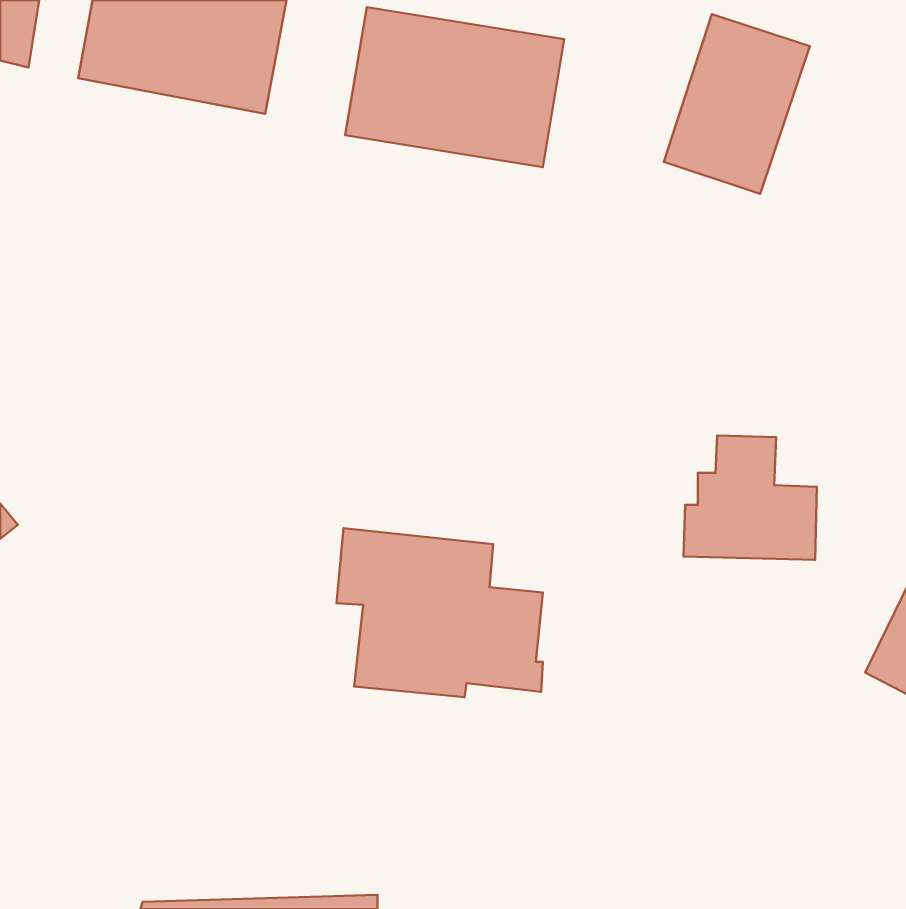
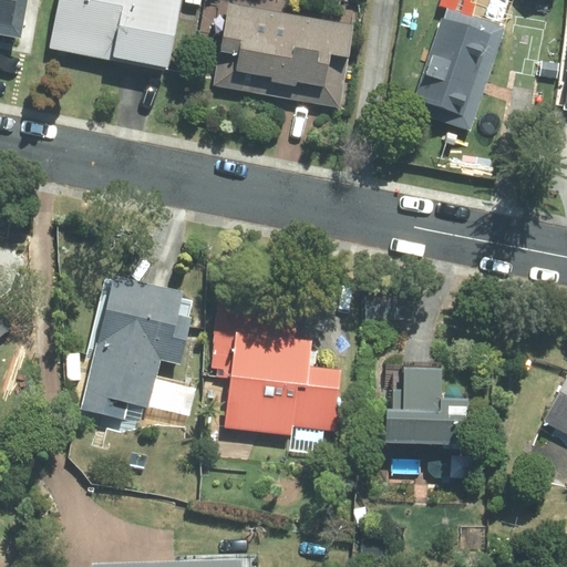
building: [683,435,817,560] -> [381,365,464,443]
building: none -> [81,275,189,423]

